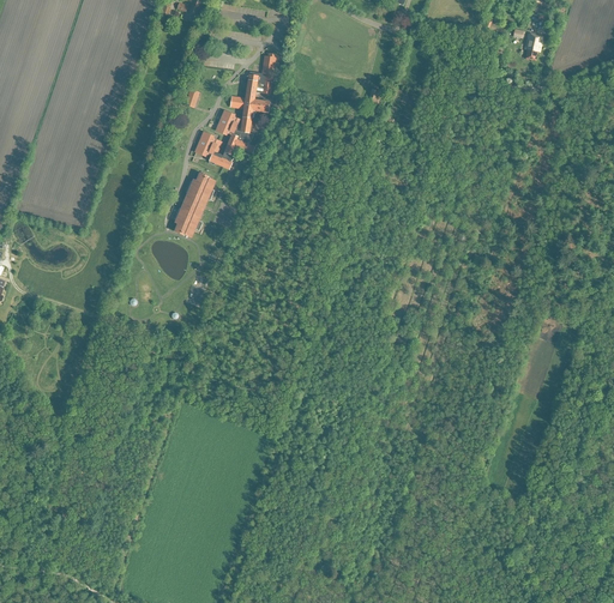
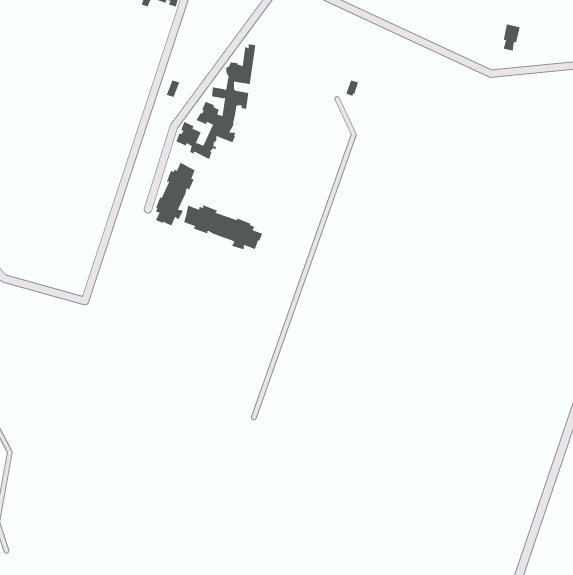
building: none -> [184,205,263,250]

